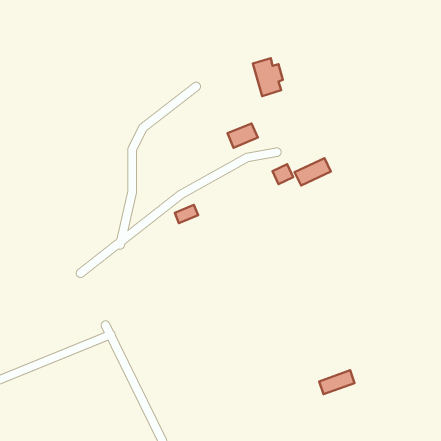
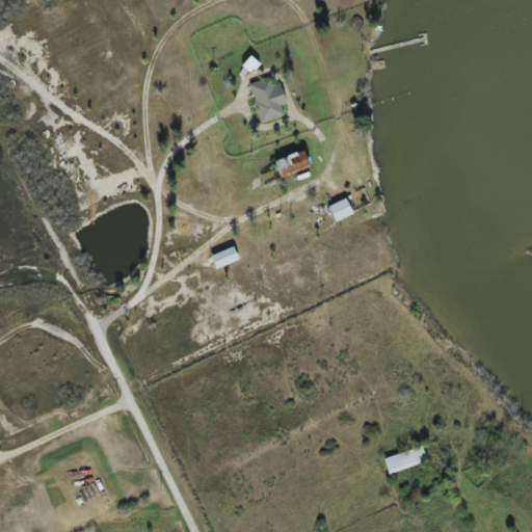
building: [253,58,283,96] -> [249,77,286,123]
building: [294,158,331,185] -> none

